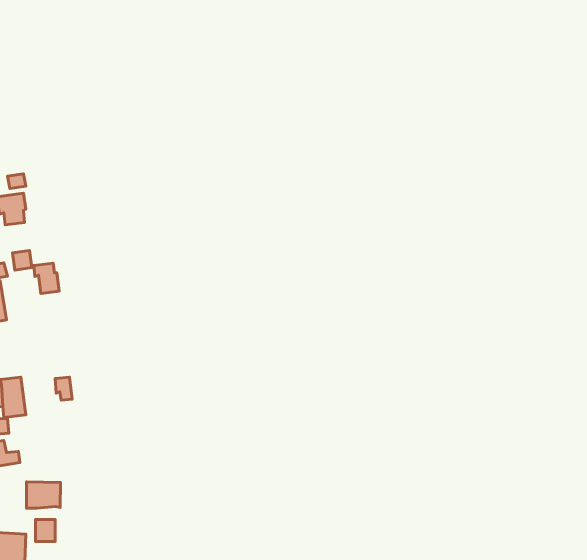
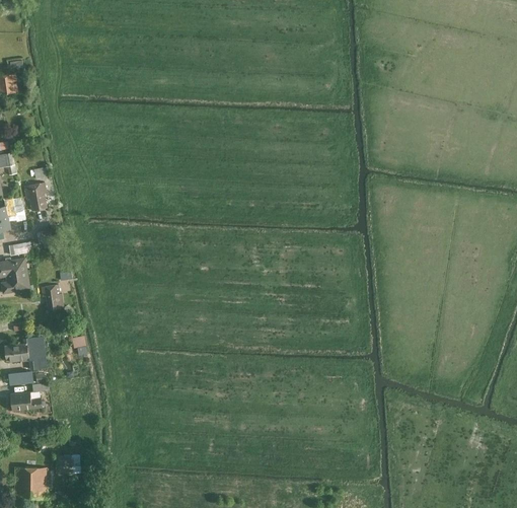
building: [34,263,59,294] -> [42,286,63,311]
building: [27,482,60,508] -> none

